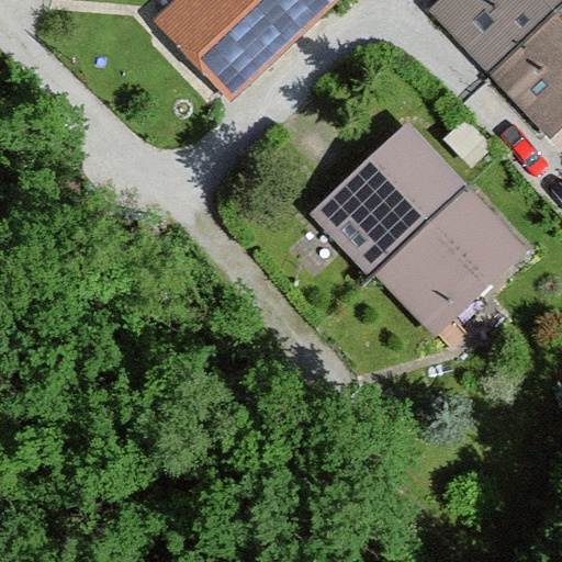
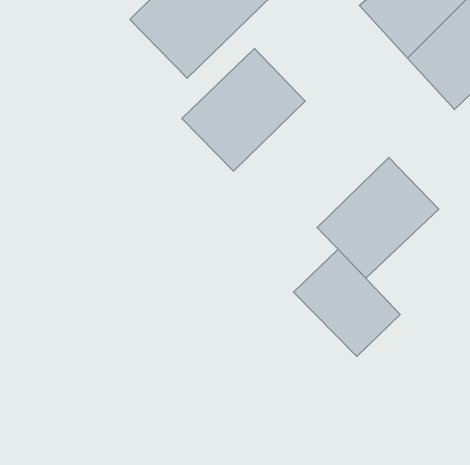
building: [317,125,464,271] -> [182,49,305,171]
building: none -> [294,249,400,356]

